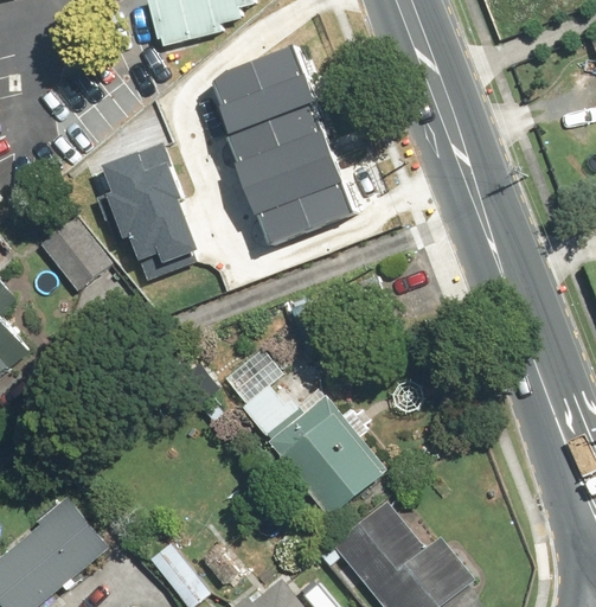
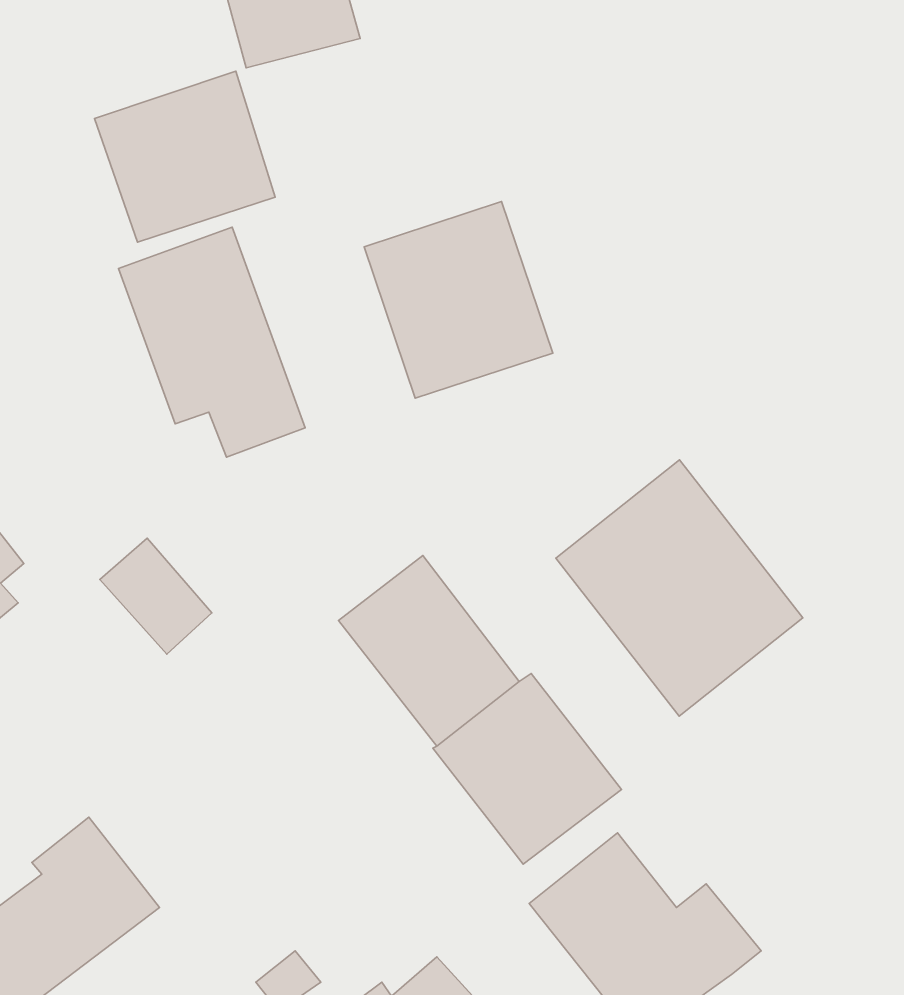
building: [209,49,318,152] -> [94,71,275,242]
building: [44,221,111,290] -> [100,538,212,654]
building: none -> [556,460,803,716]

